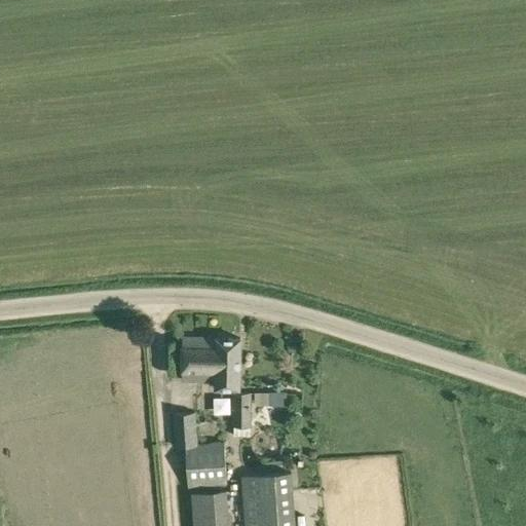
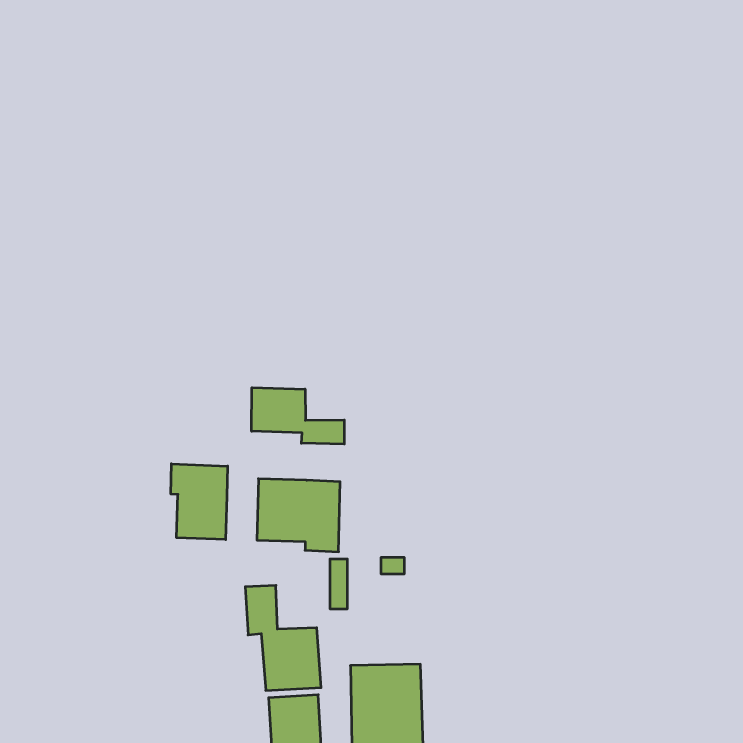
building: none -> [252,388,344,444]
building: none -> [171,464,228,540]

